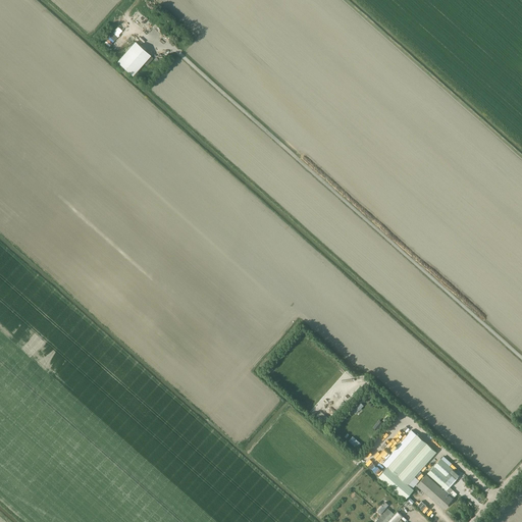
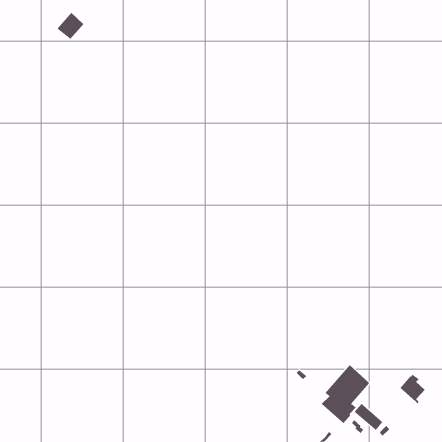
building: [117,42,150,74] -> [57,12,84,40]
building: [428,457,459,492] -> [400,374,426,404]

